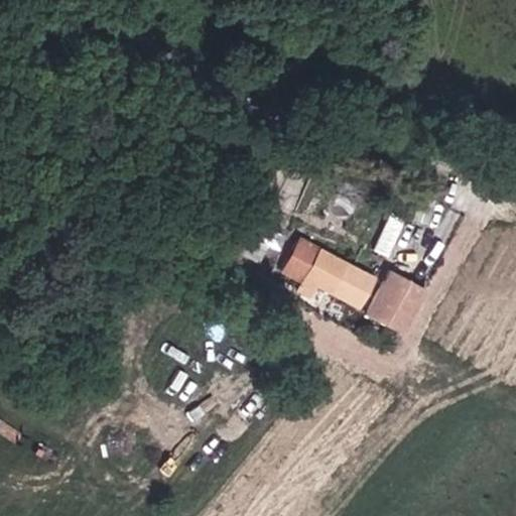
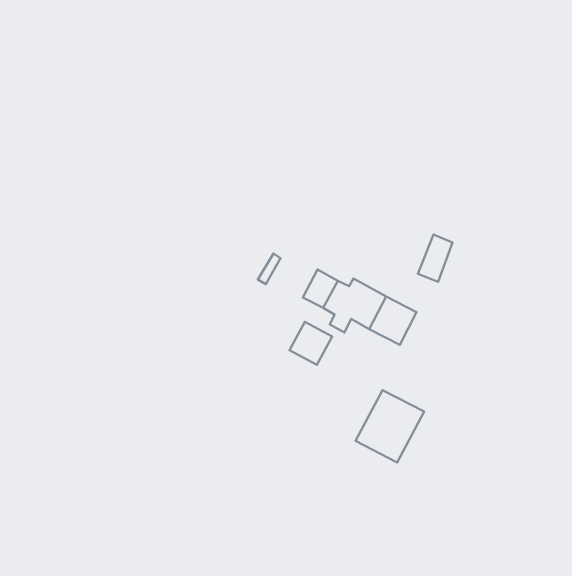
building: [367,269,428,334] -> [356,390,424,462]
building: none -> [289,322,332,365]

